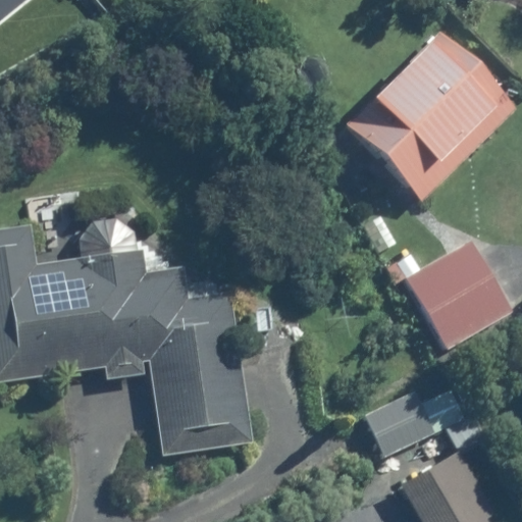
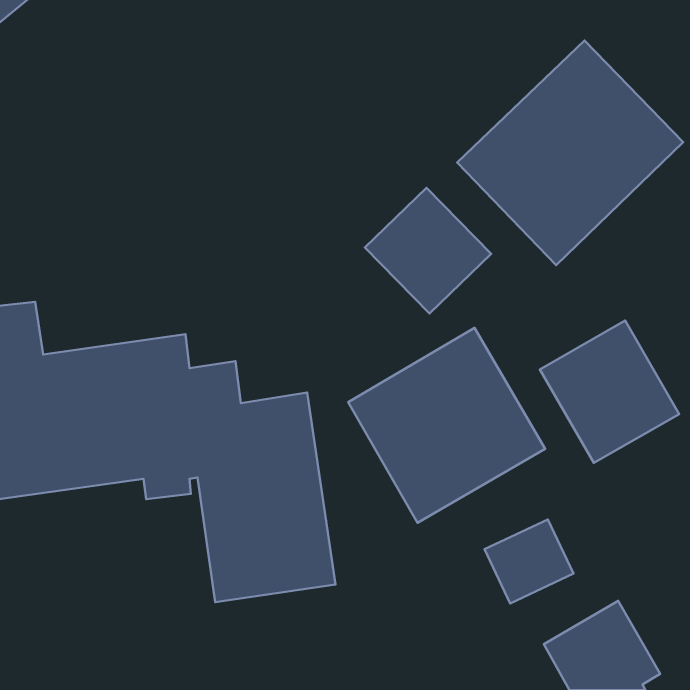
building: none -> [365,188,491,313]
building: none -> [348,328,545,523]

